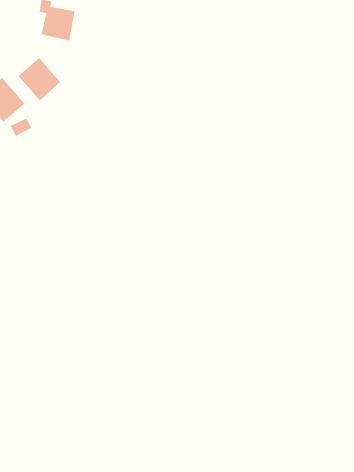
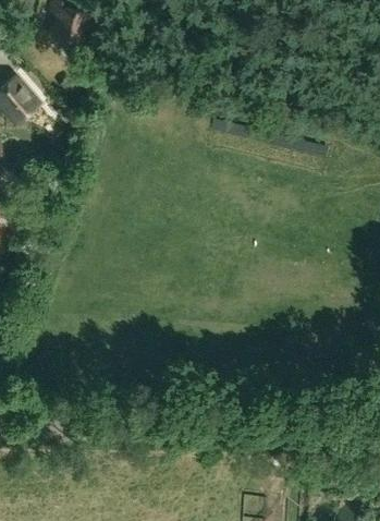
building: [18,57,61,101] -> none

